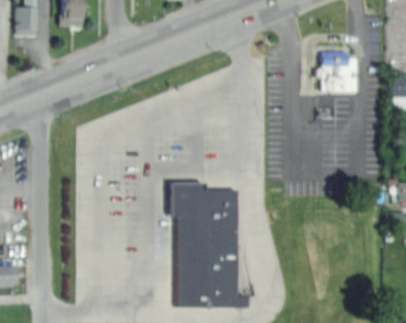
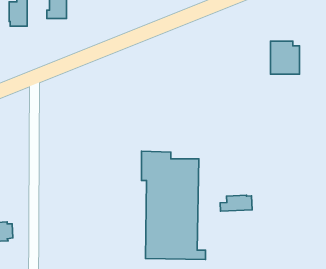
building: none -> [220,195,252,211]

